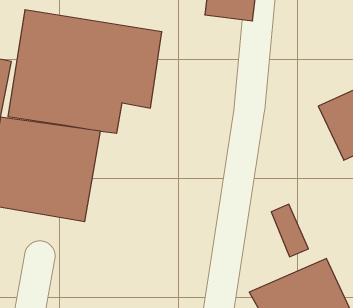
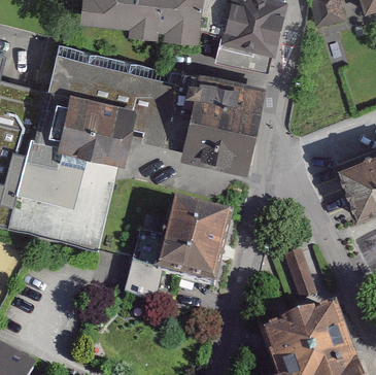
building: none -> [184,80,260,170]
building: none -> [122,195,236,302]

